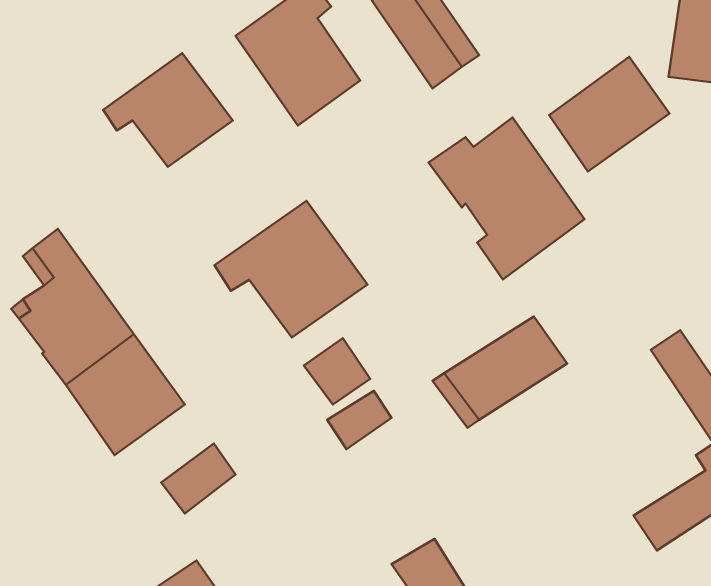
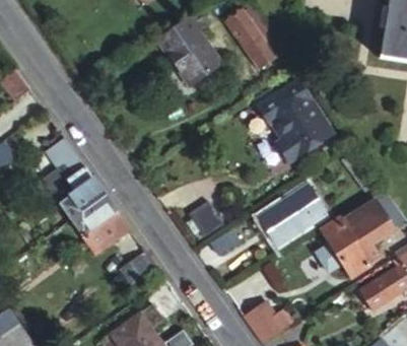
building: [103,53,233,167] -> none
building: [549,57,670,172] -> none
building: [214,201,368,337] -> none
building: none -> [327,205,388,273]

